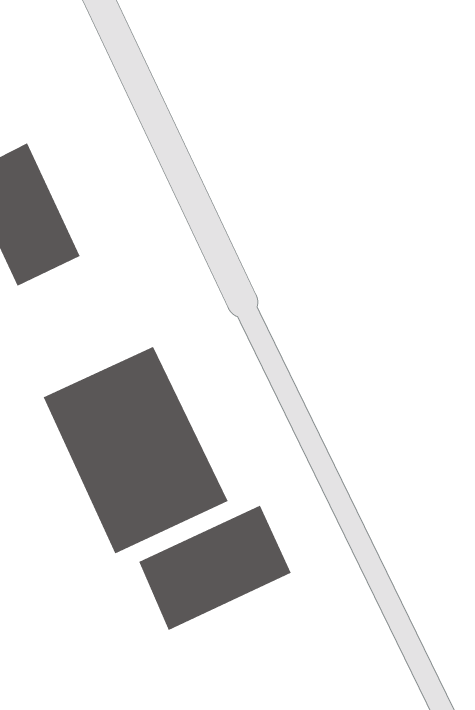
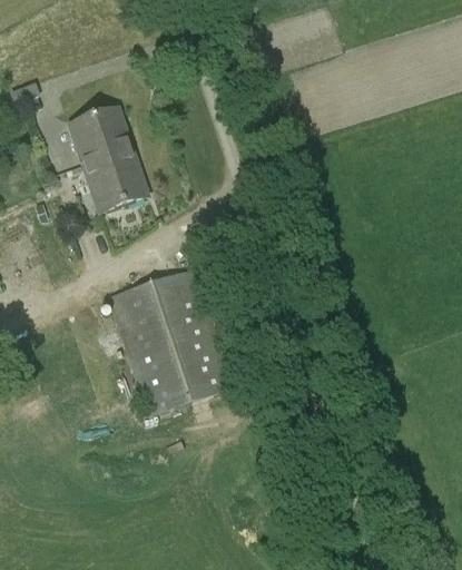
building: [139,505,291,631] -> none

